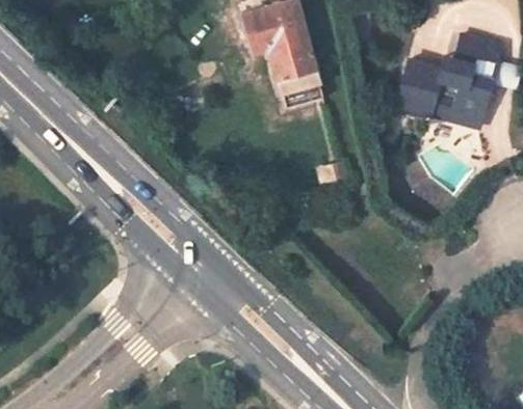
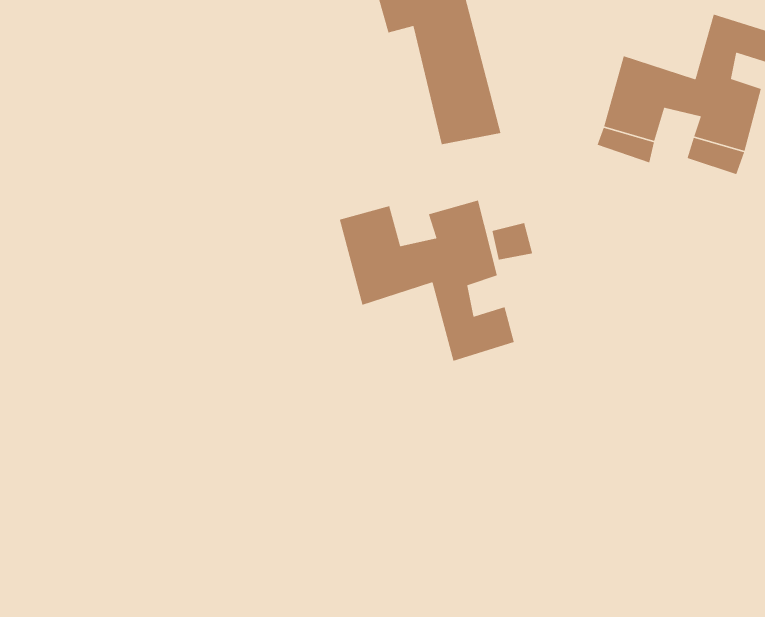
building: none -> [339,199,515,362]

